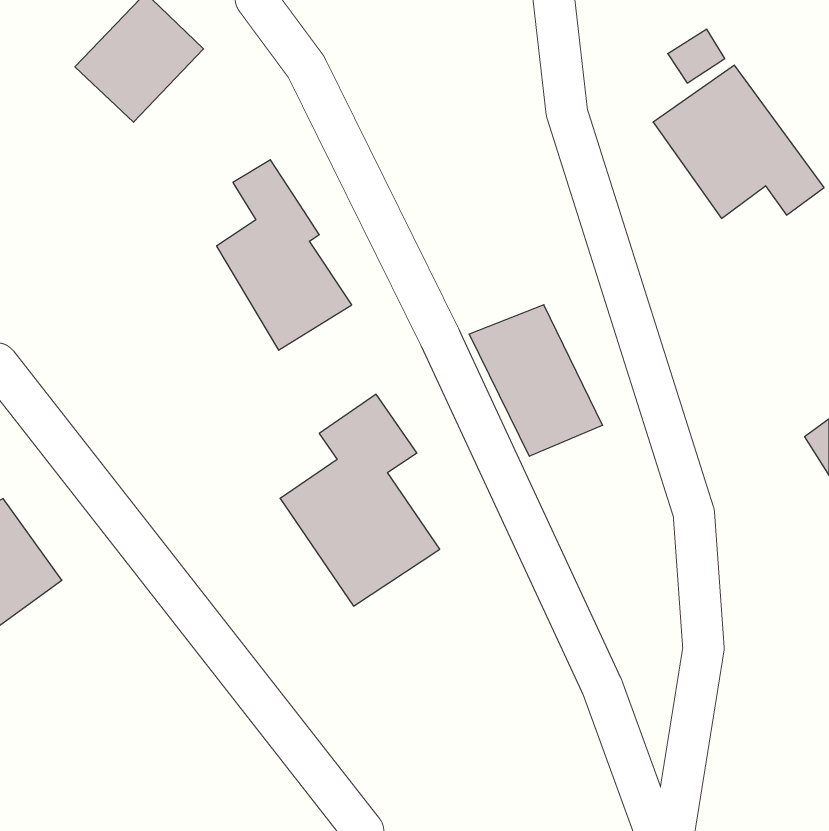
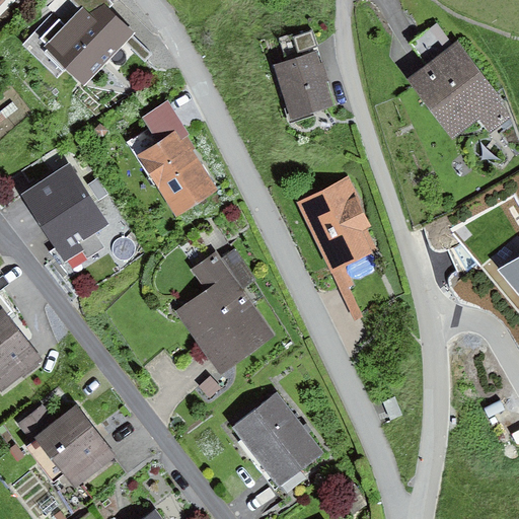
building: none -> [277,49,330,114]
building: none -> [24,165,104,253]
building: none -> [237,400,320,486]
building: none -> [24,404,115,488]

